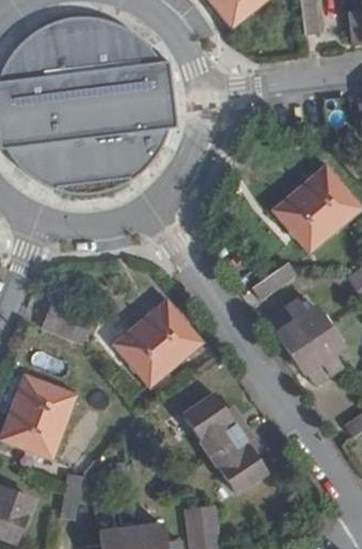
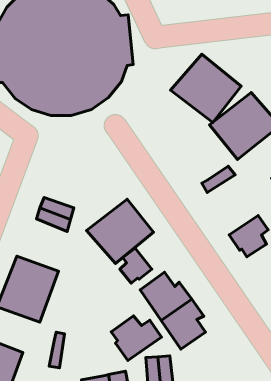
building: none -> [171,54,241,122]
building: [276,298,332,347] -> none
building: none -> [120,248,152,283]
building: none -> [111,316,161,361]

